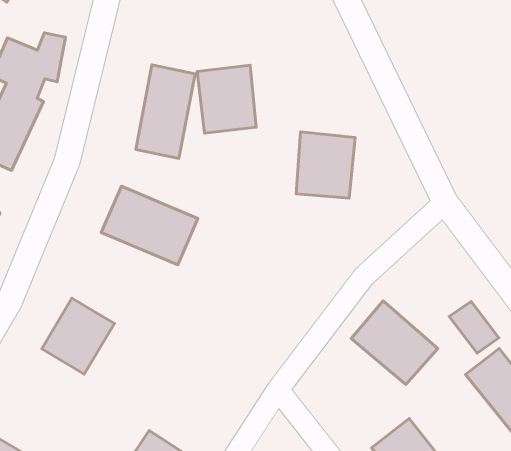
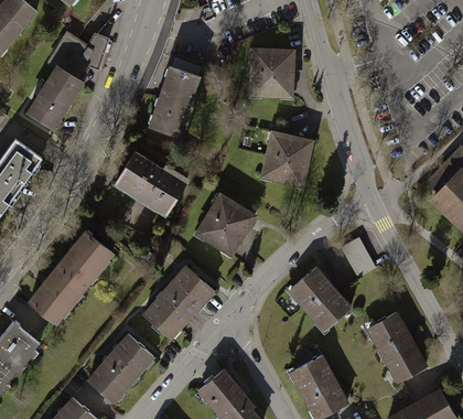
building: [197,65,256,133] -> [251,51,292,98]
building: none -> [193,194,254,256]
building: [449,301,499,353] -> [341,238,375,277]
building: none -> [143,266,214,339]
building: none -> [30,265,86,323]

